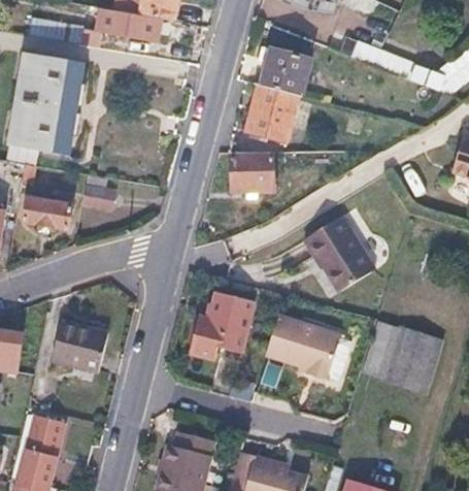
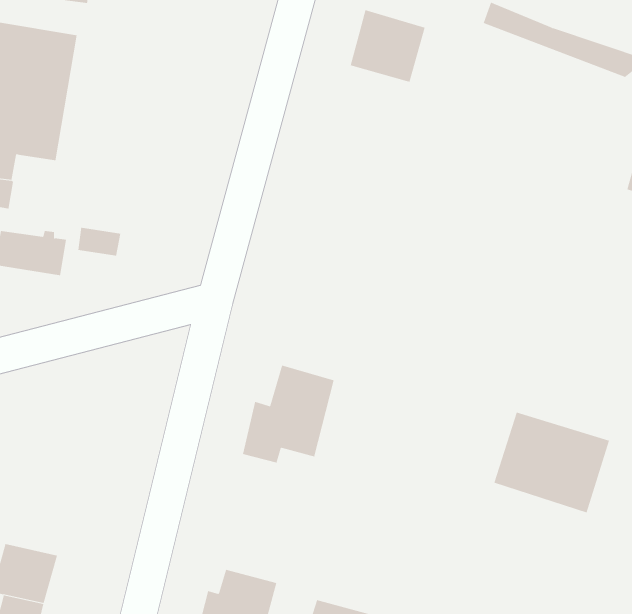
building: [249,86,303,142] -> none
building: [232,151,273,190] -> none
building: [307,214,379,288] -> none
building: [266,315,340,381] -> none
building: [53,319,112,371] -> none

